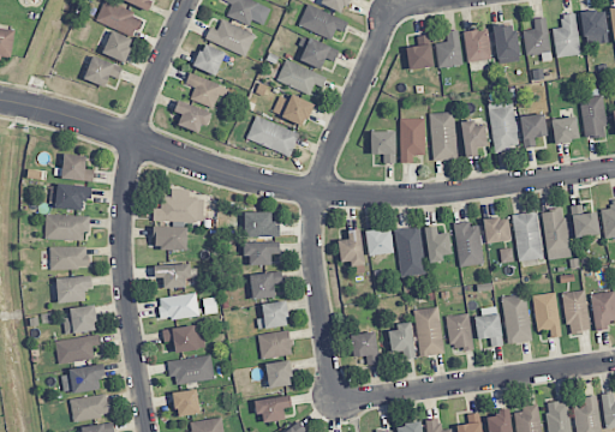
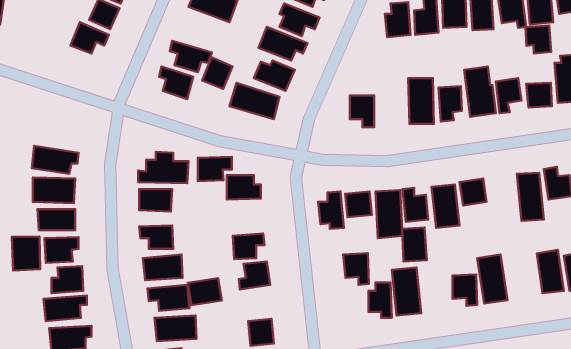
building: [193,43,225,76] -> [202,57,232,89]
building: none -> [525,26,551,53]
building: [399,119,425,163] -> none
building: [61,155,94,181] -> none
building: [512,211,543,262] -> none
building: [245,241,280,266] -> [198,157,232,181]
building: none -> [12,236,40,271]
building: [533,293,560,337] -> none
building: [447,314,472,349] -> [402,228,427,261]
building: [257,330,292,358] -> [188,278,222,305]
building: [351,332,377,365] -> [343,253,369,285]

